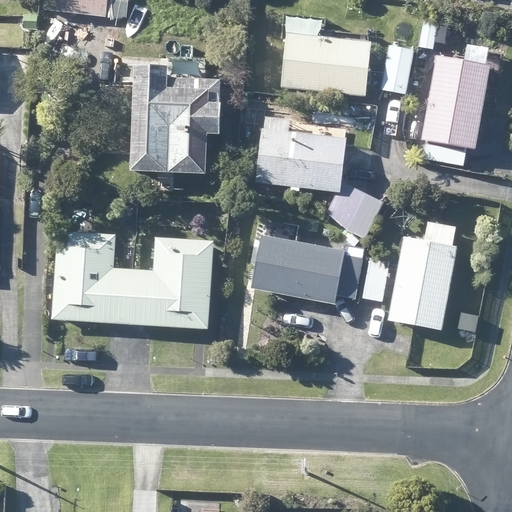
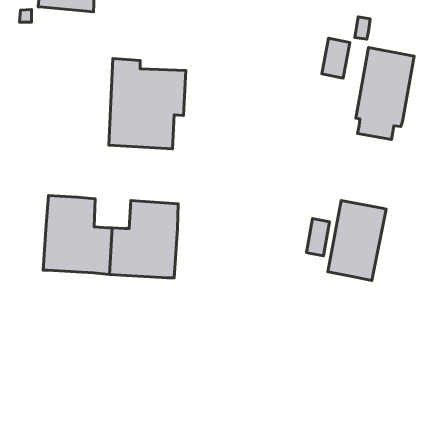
building: [281,17,371,96] -> none
building: [255,117,383,237] -> none
building: [251,235,363,304] -> none

